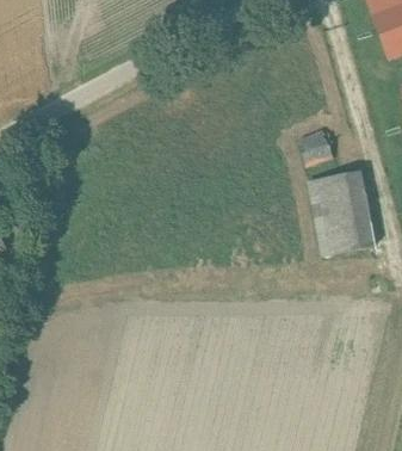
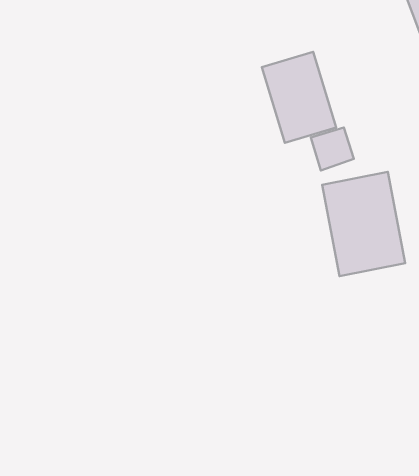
building: none -> [262,52,336,143]

